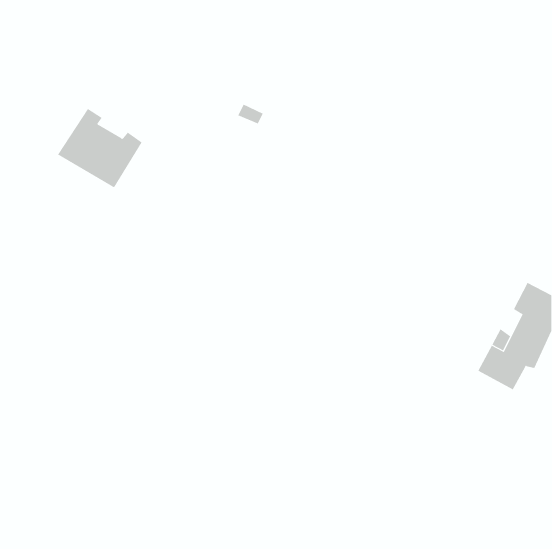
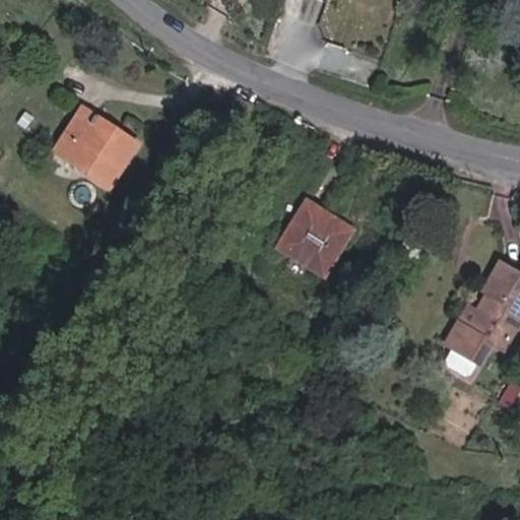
building: none -> [277,202,348,271]

